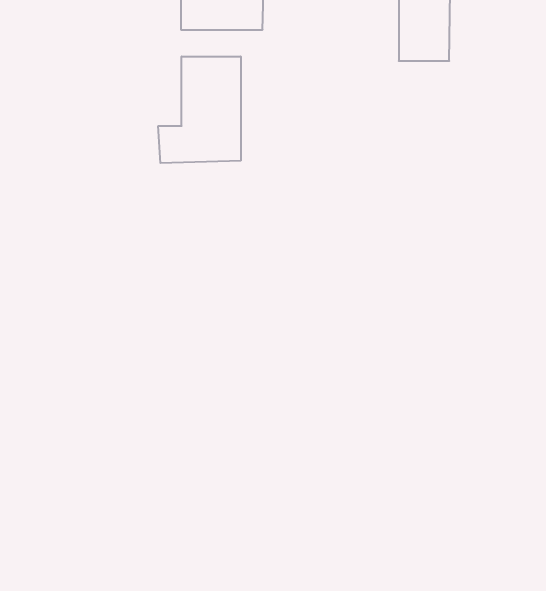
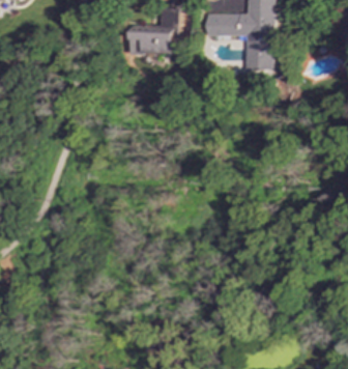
building: [158,56,241,163] -> none

